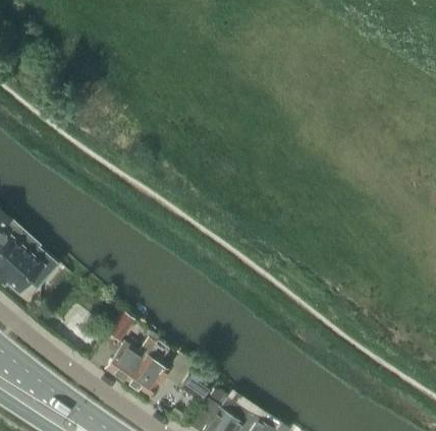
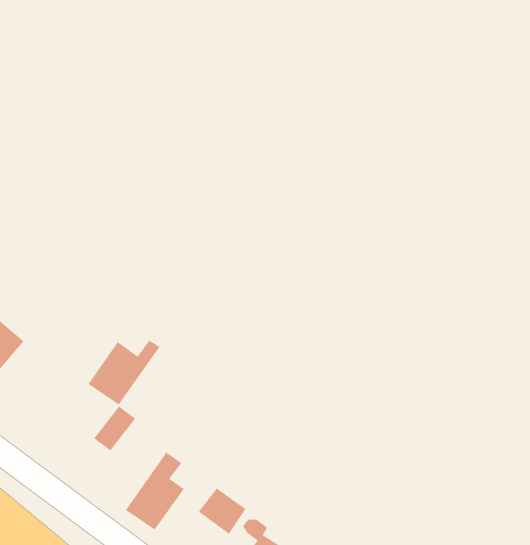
building: [104,337,156,384] -> [87,340,161,406]

